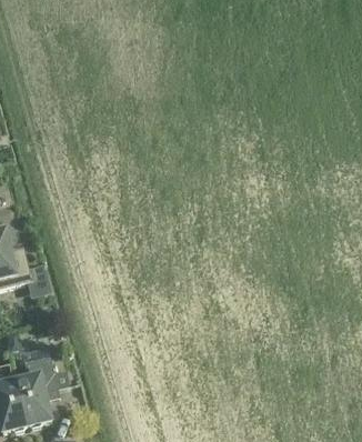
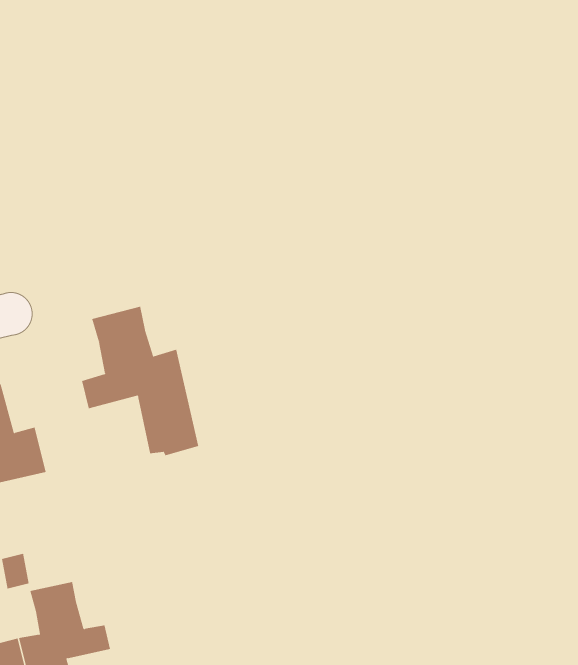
building: none -> [82,306,199,456]

